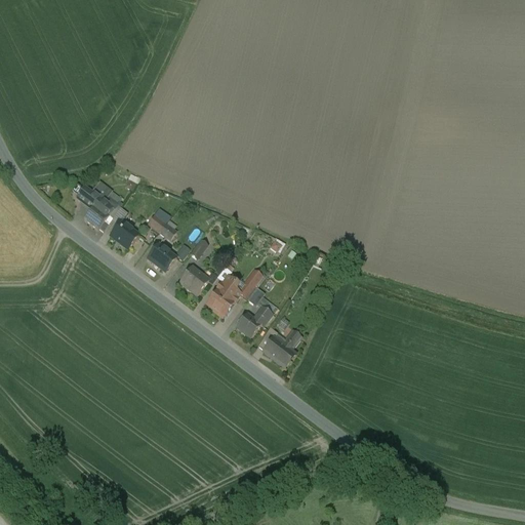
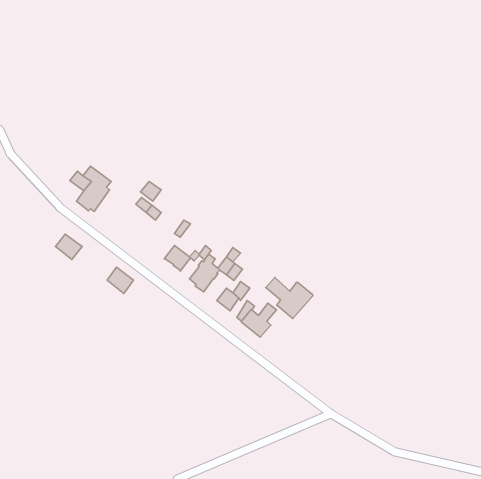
building: [110,220,138,248] -> [56,234,82,260]
building: [147,242,175,271] -> [107,267,133,293]
building: none -> [266,278,313,319]

